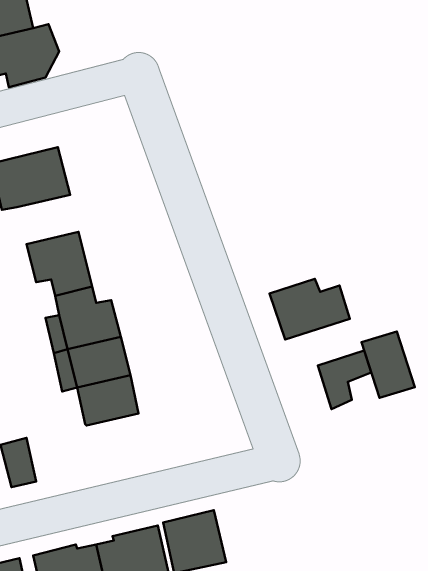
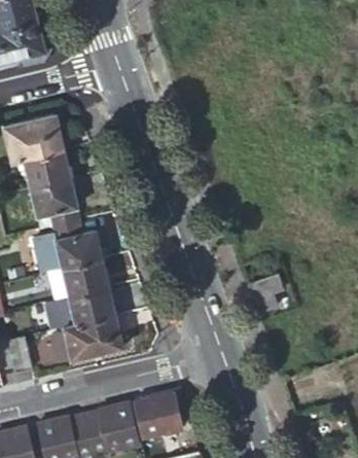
building: none -> [23,151,69,188]
building: [269,279,350,340] -> none
building: [362,331,415,398] -> none
building: none -> [56,316,122,361]

